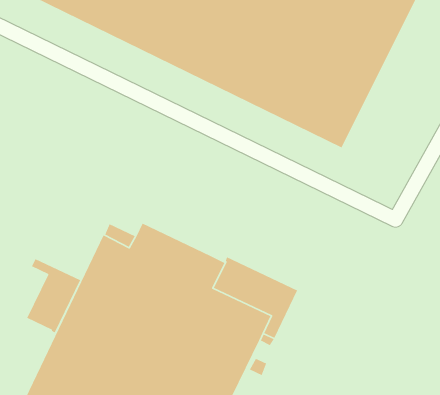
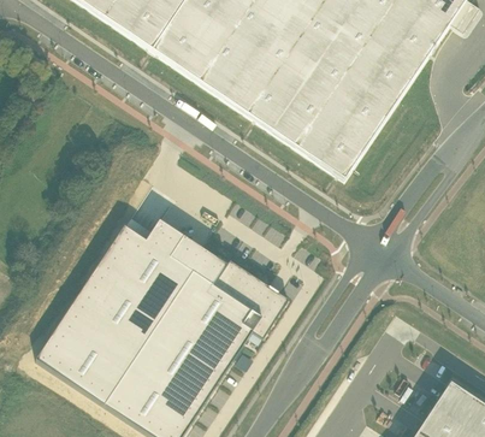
building: [26,258,81,334] -> none

